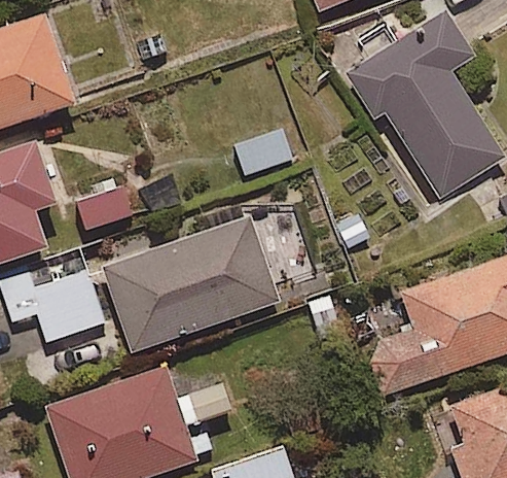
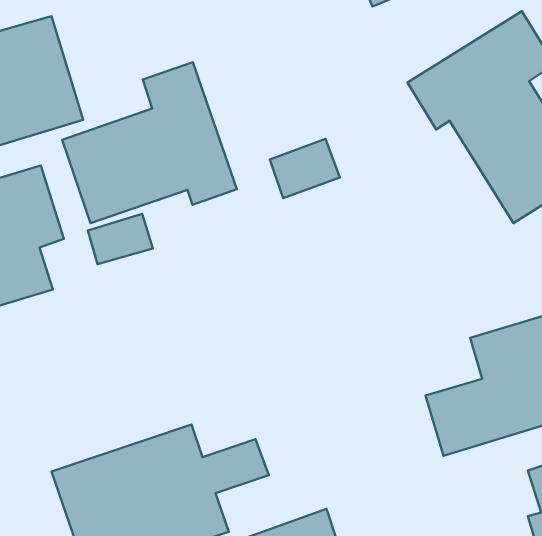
building: none -> [62,62,237,223]
building: [103,218,278,352] -> none
building: [30,267,103,340] -> none

